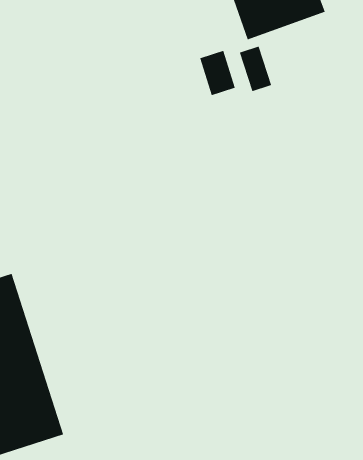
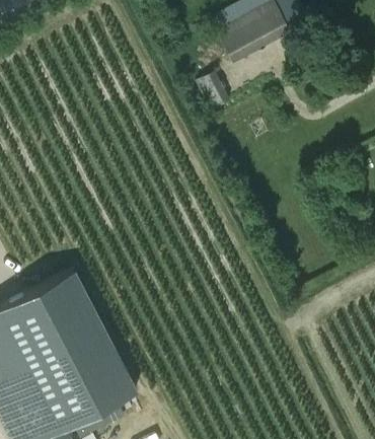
building: [239,46,272,92] -> none

